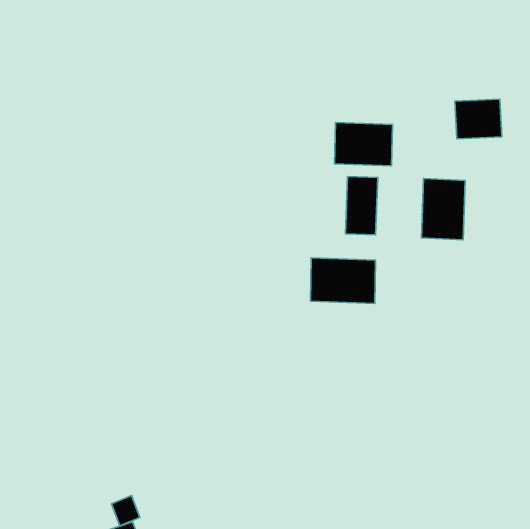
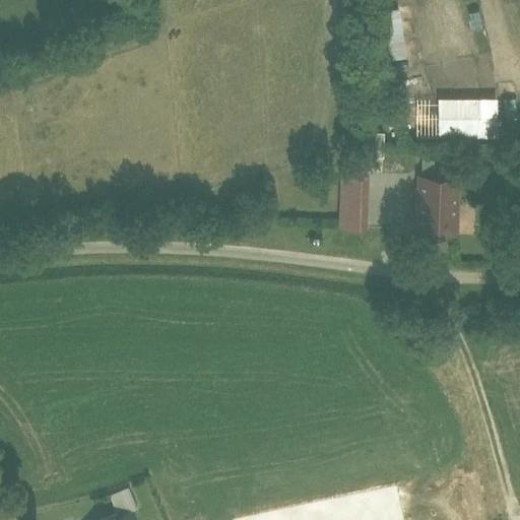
building: [335,123,392,166] -> none
building: [310,258,376,303] -> none

